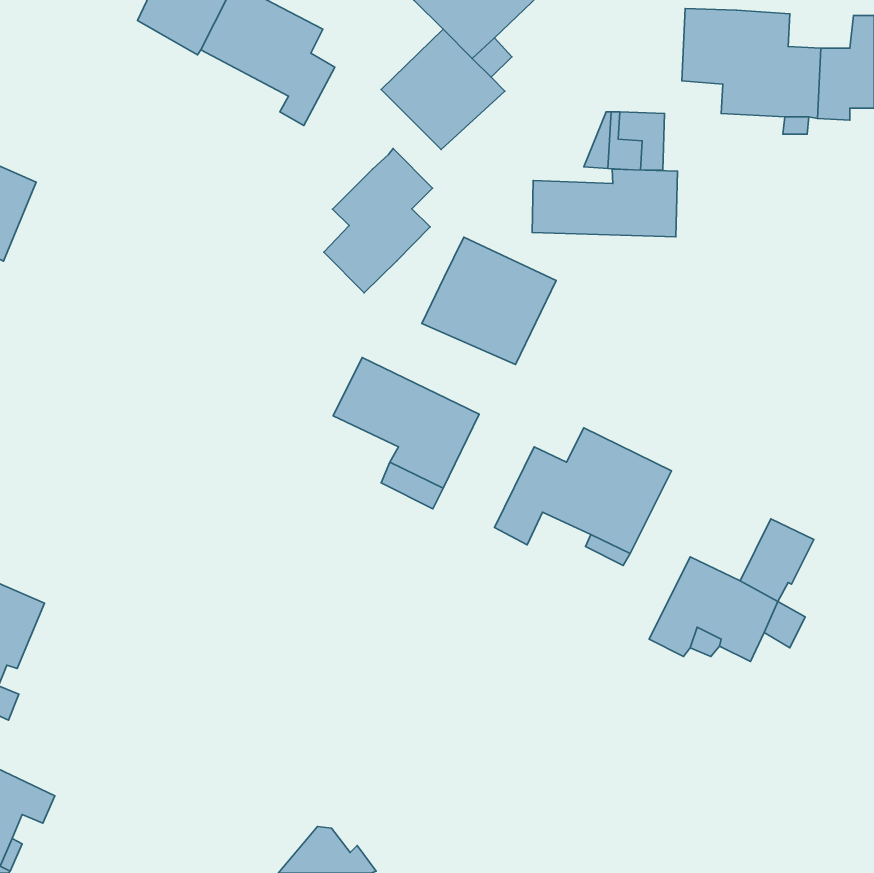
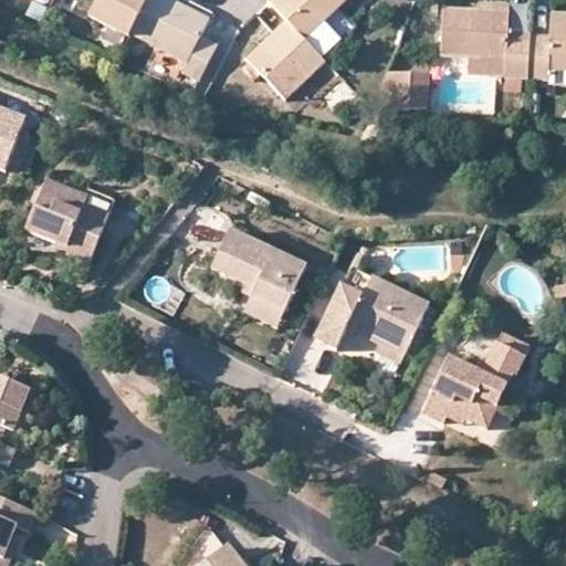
building: [324,148,432,293] -> none
building: [532,169,677,237] -> none
building: [422,237,556,364] -> none
building: none -> [24,178,113,260]

